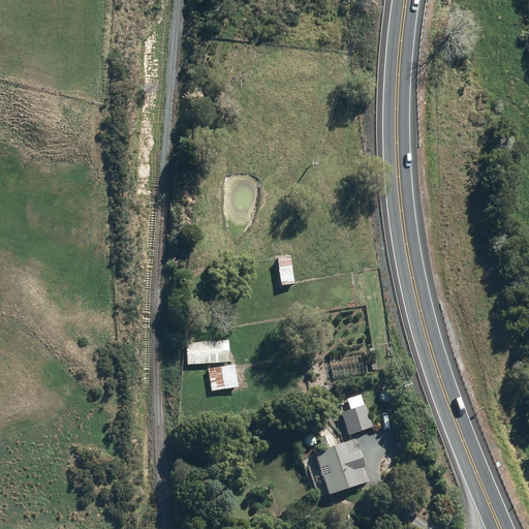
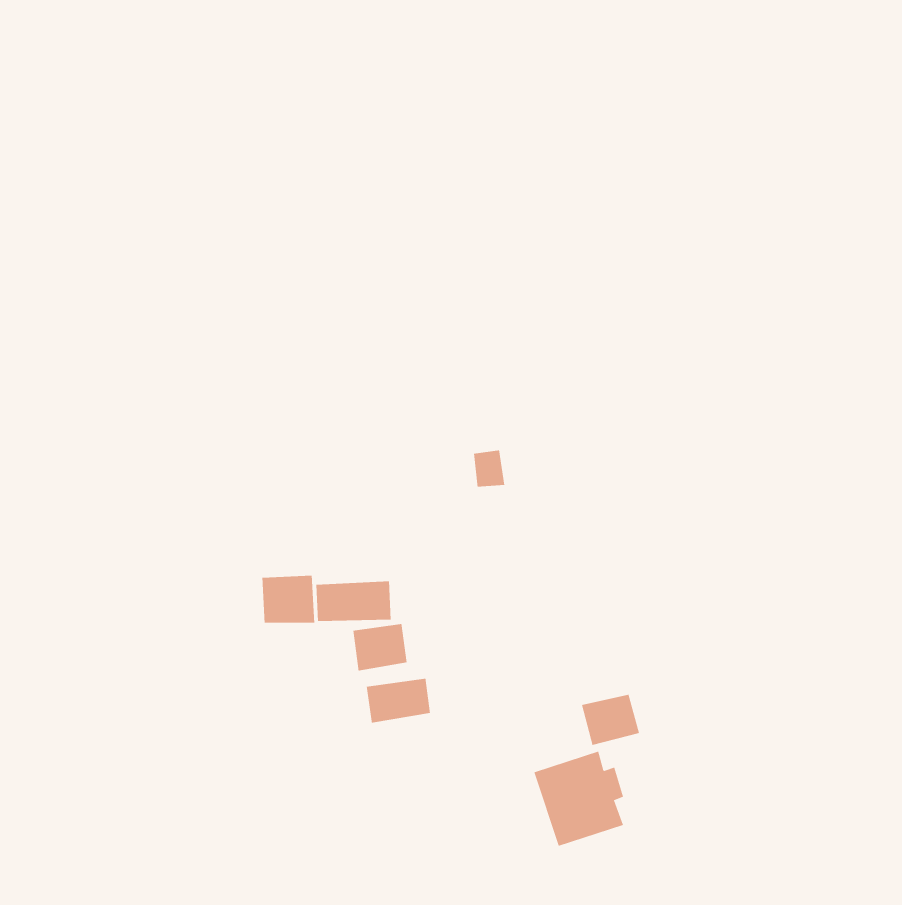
building: none -> [262,575,315,624]
building: none -> [366,678,430,723]

